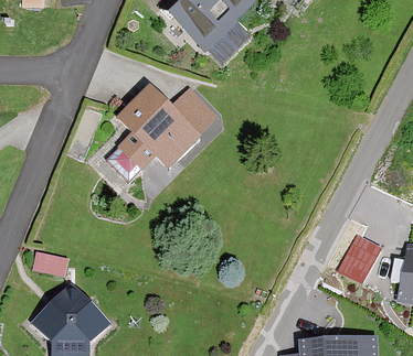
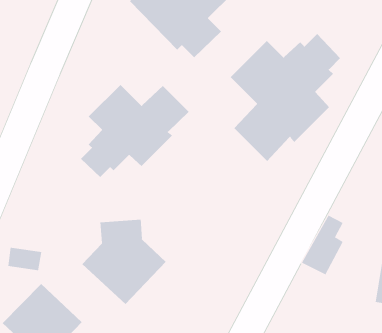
building: none -> [230,33,341,162]
building: none -> [82,219,166,305]

